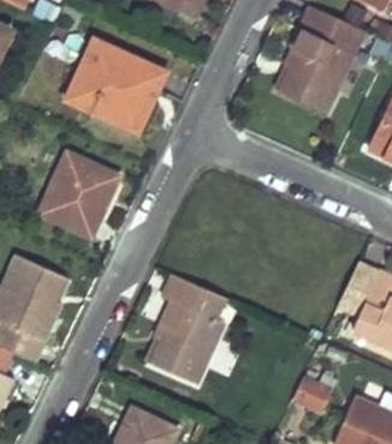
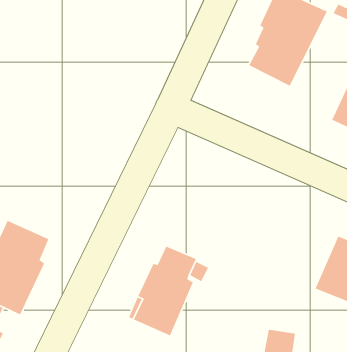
building: [66,40,164,126] -> none
building: [41,151,118,234] -> none

